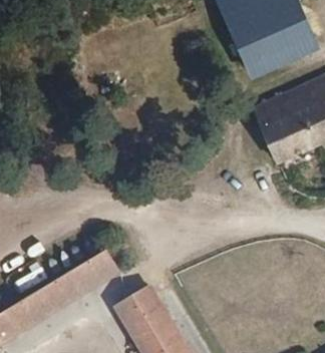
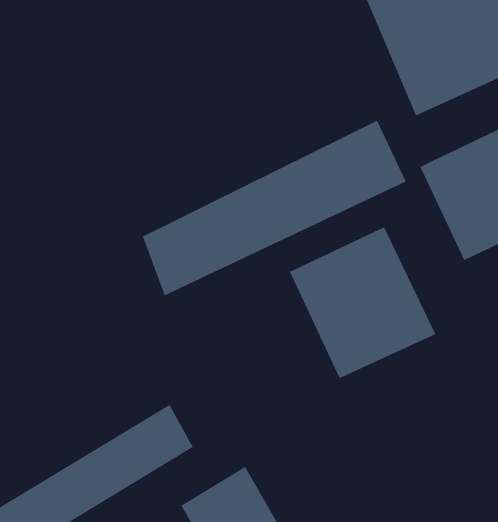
building: none -> [142,120,407,297]
building: none -> [289,226,436,379]

